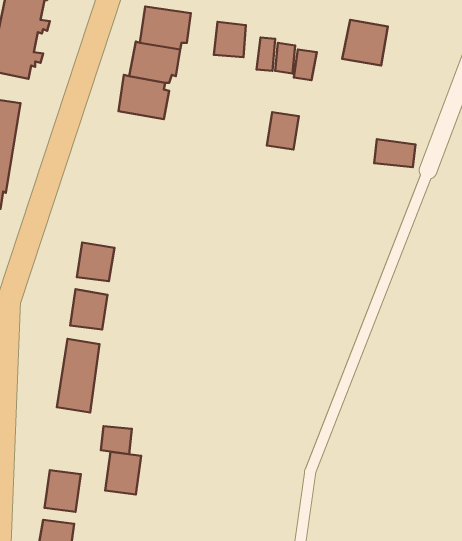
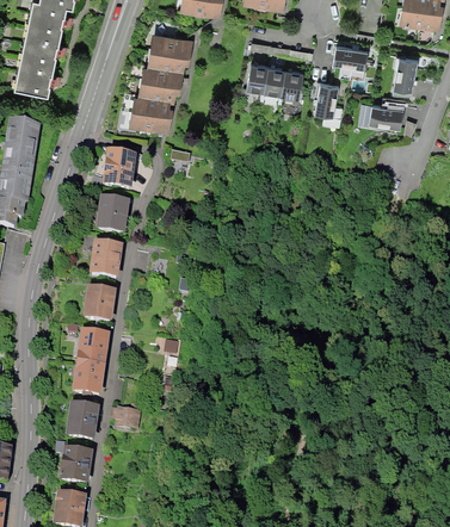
building: [214,22,246,57] -> none
building: none -> [387,57,417,93]
building: [267,112,299,150] -> [310,83,339,117]
building: none -> [100,145,135,185]
building: [374,139,416,167] -> [366,105,403,130]
building: none -> [97,202,131,238]
building: [105,452,141,495] -> [67,403,99,441]

